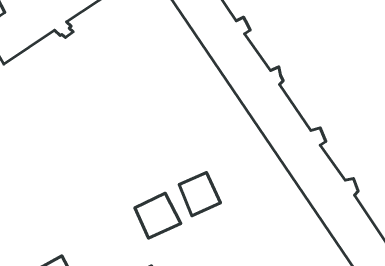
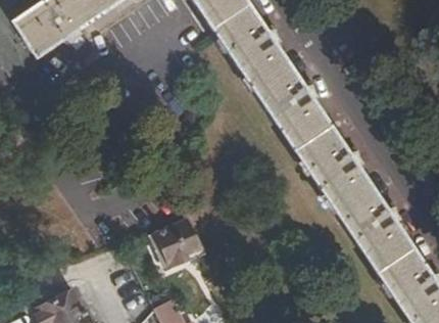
building: [179,173,220,216] -> none

